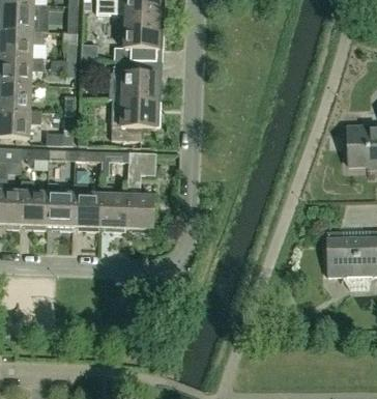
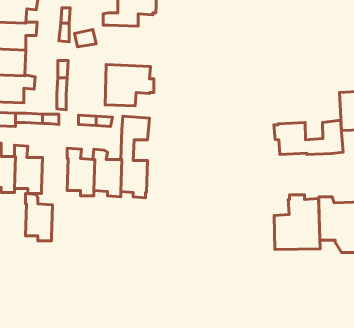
building: [108,60,163,102] -> none
building: none -> [274,120,343,154]
building: [48,182,75,230] -> [26,193,52,241]
building: none -> [274,195,320,250]

